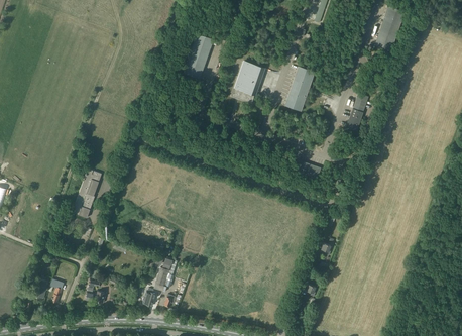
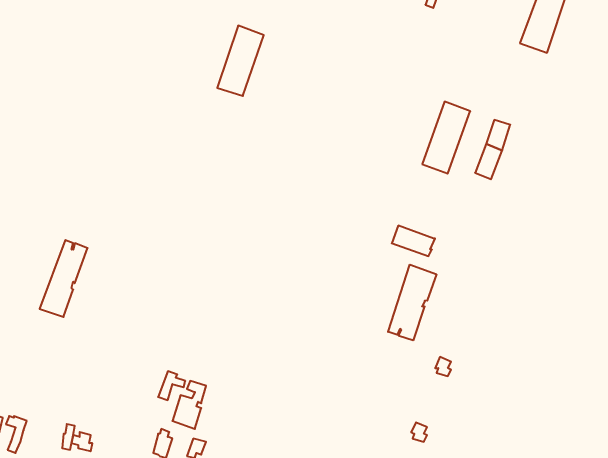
building: [231,61,262,103] -> none
building: [283,66,314,111] -> [422,102,470,174]
building: none -> [388,265,436,340]

